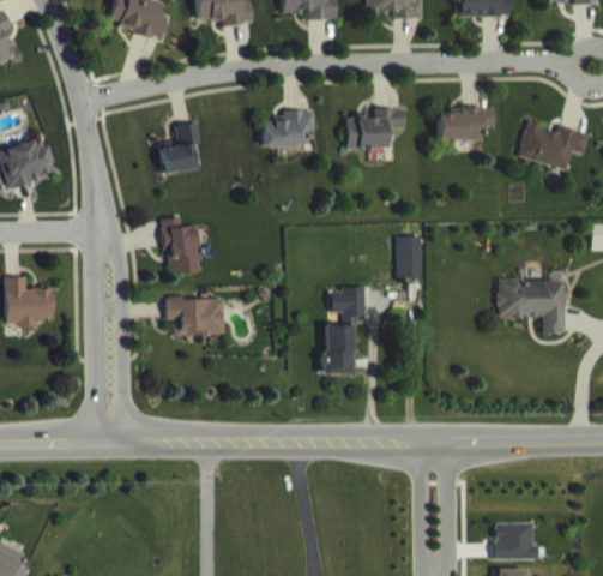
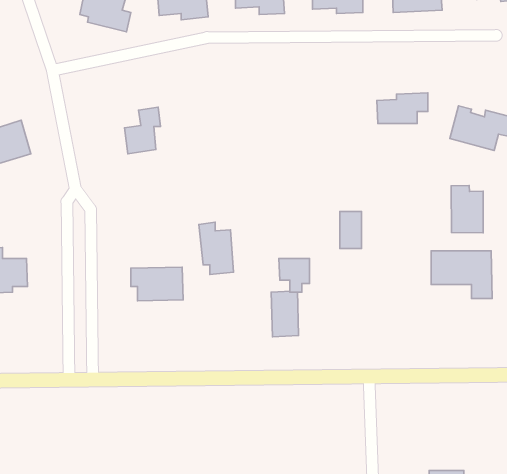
building: [346,108,405,148] -> none
building: [263,109,314,145] -> none
building: none -> [451,186,483,233]
building: [162,216,200,274] -> [199,222,234,274]

